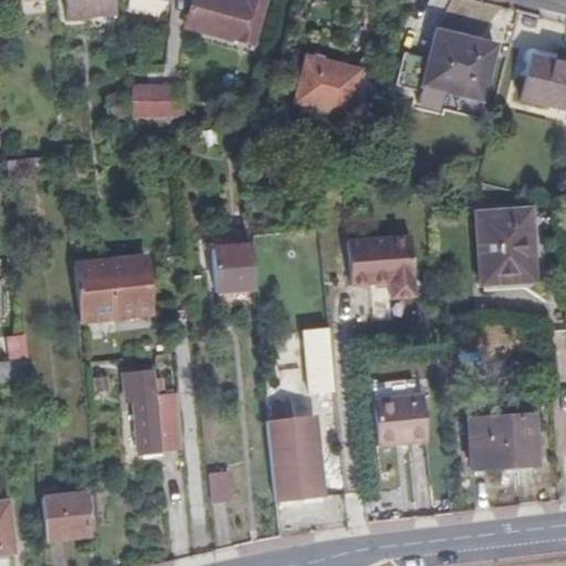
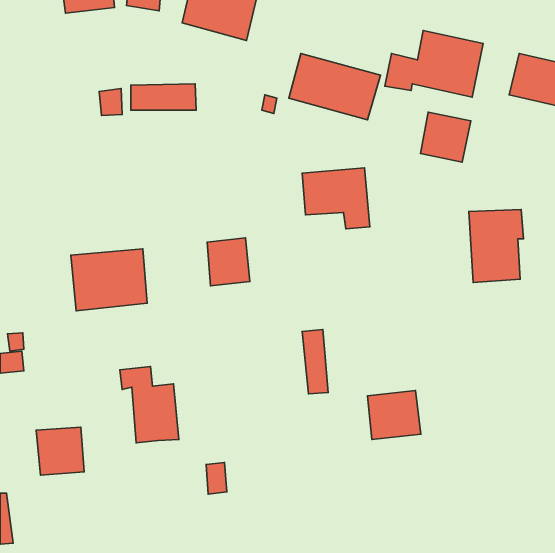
building: none -> [420,112,471,162]
building: [350,238,419,300] -> [302,168,370,229]
building: [467,417,535,471] -> none
building: [269,418,325,502] -> none
building: [41,491,90,539] -> [36,427,84,475]

